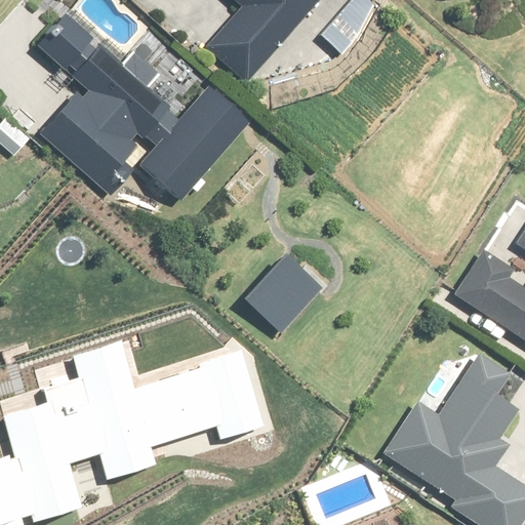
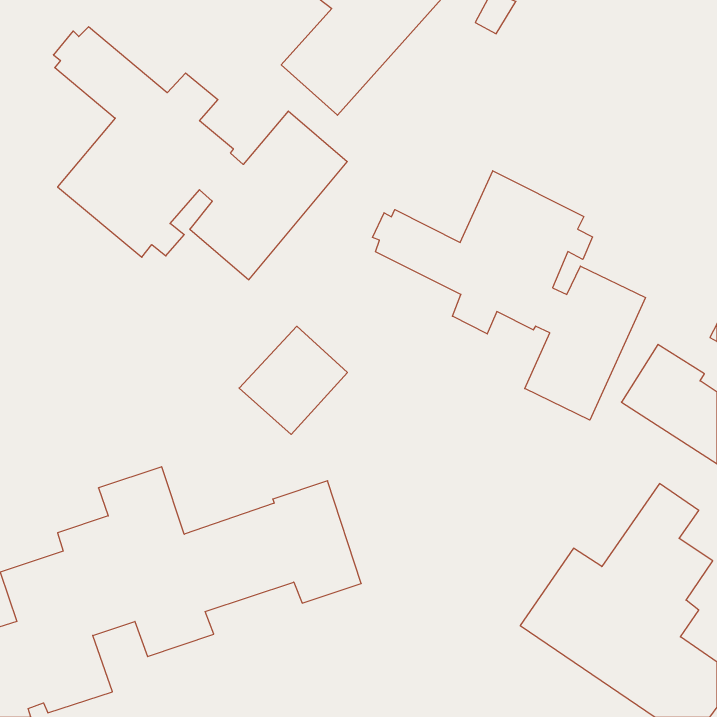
building: none -> [373,171,645,420]
building: [243,253,322,332] -> [239,326,347,434]

